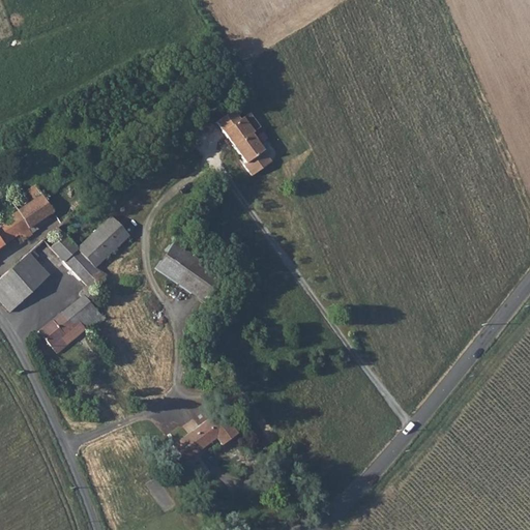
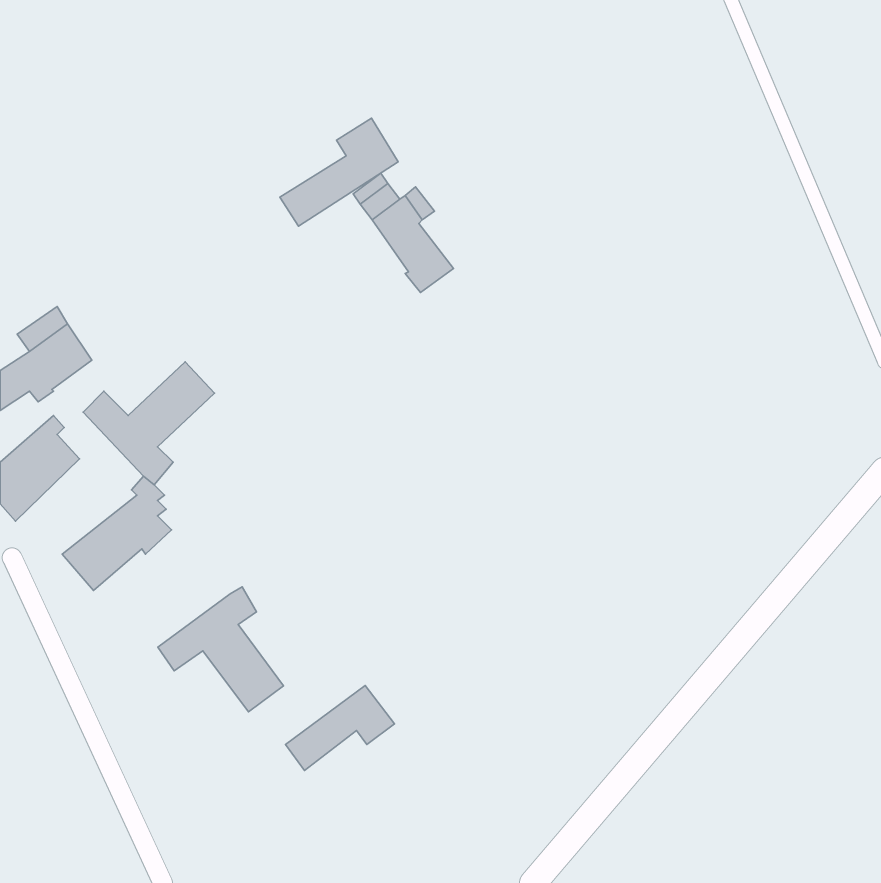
building: none -> [280,118,398,226]
building: [156,242,224,302] -> none
building: none -> [158,587,284,712]

